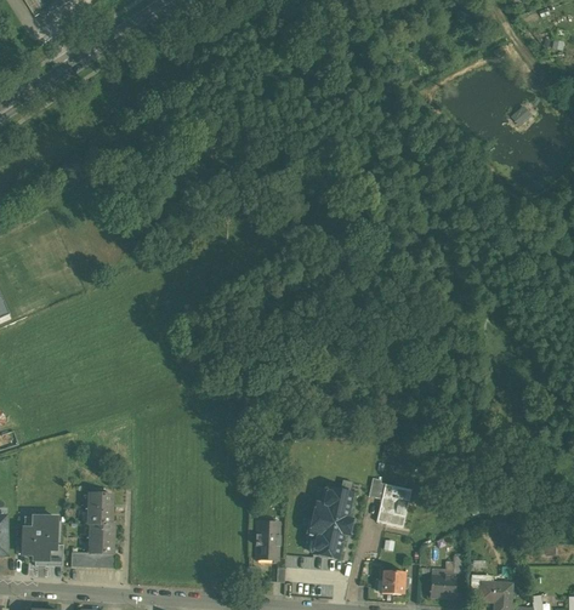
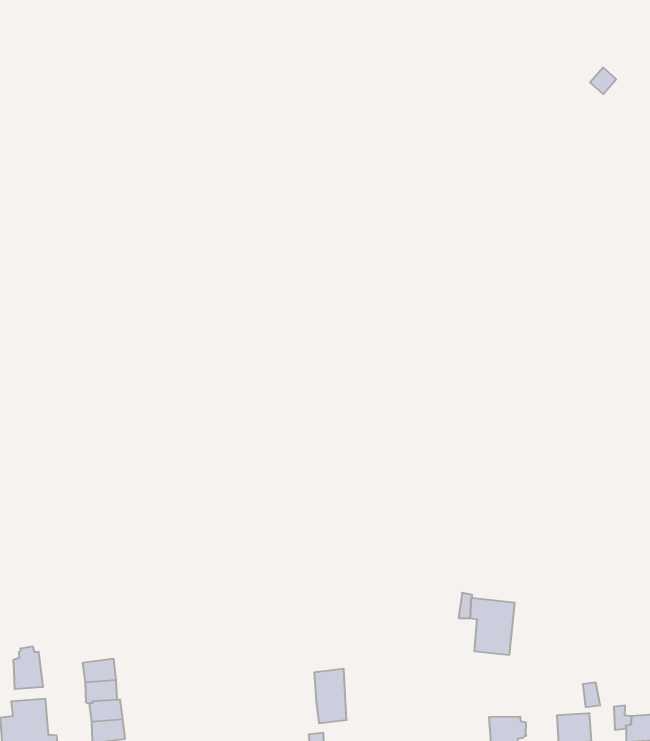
building: [308,477,354,558] -> none
building: none -> [14,646,43,689]

